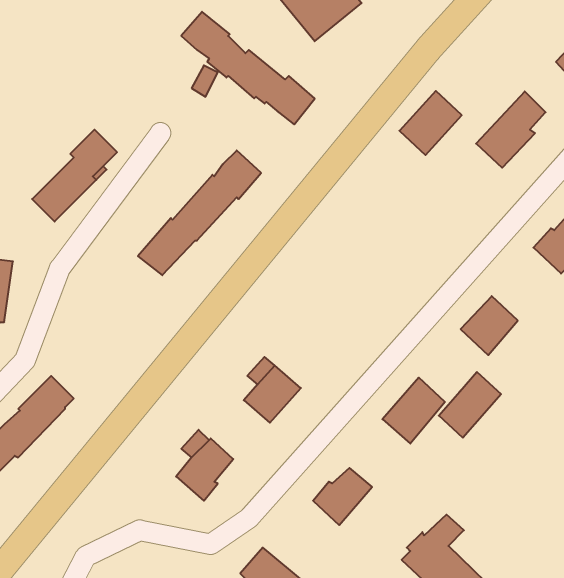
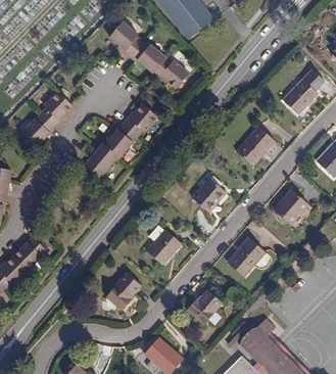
building: [399,91,462,155] -> [237,127,274,165]
building: none -> [192,178,225,212]
building: [439,372,501,438] -> none

